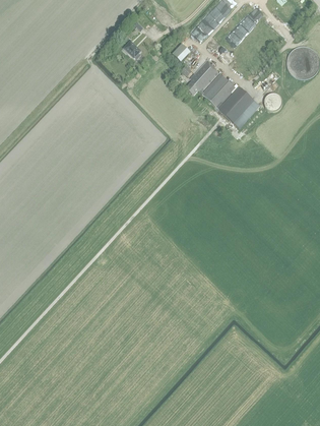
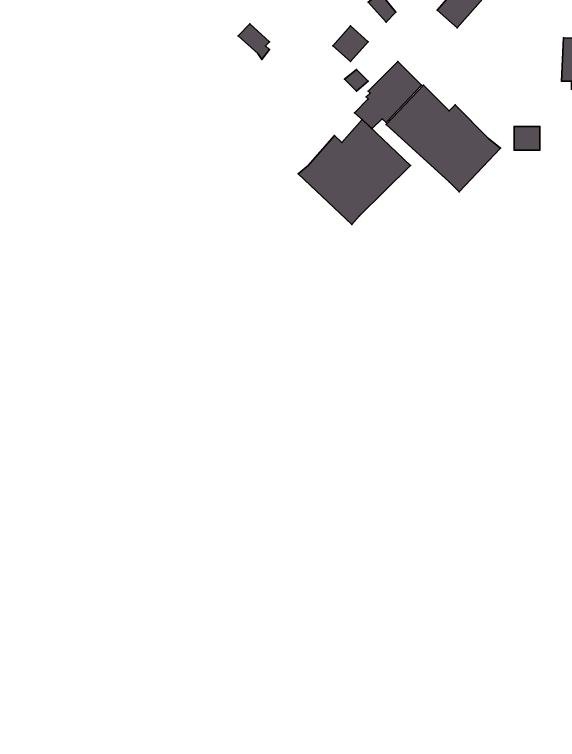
building: none -> [298,120,411,225]

